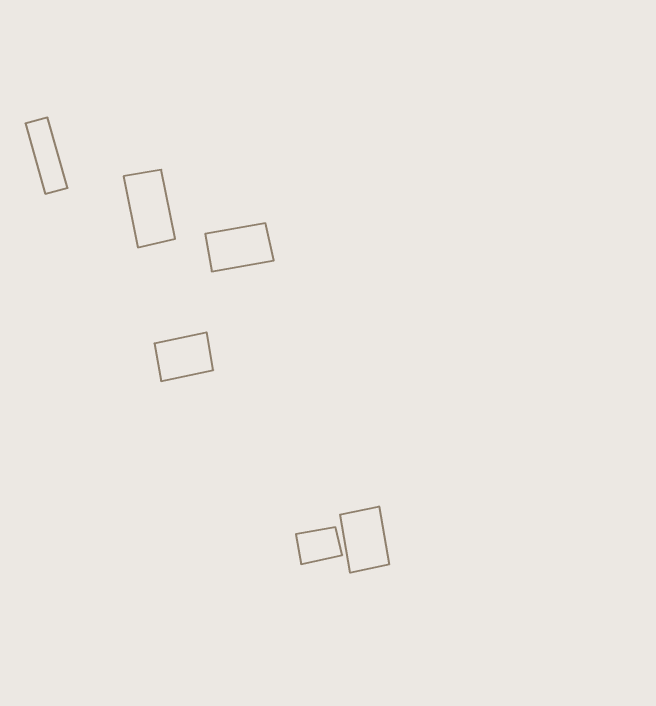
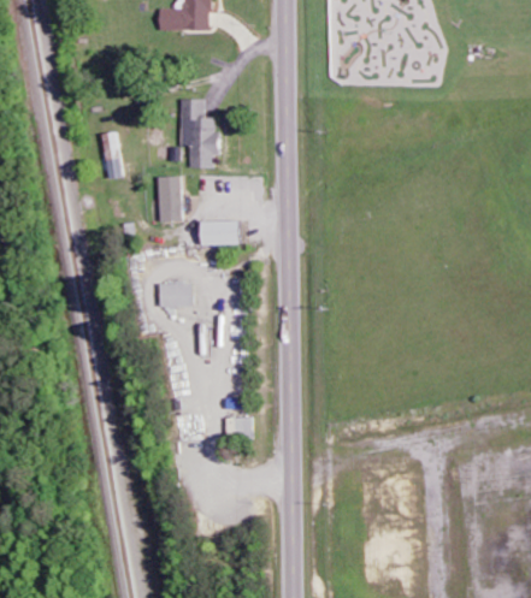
building: none -> [181,99,222,170]
building: [340,506,389,573] -> none

